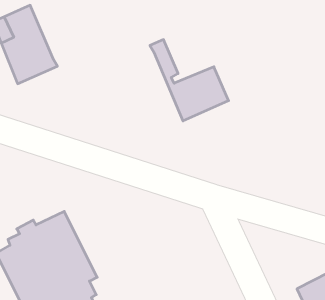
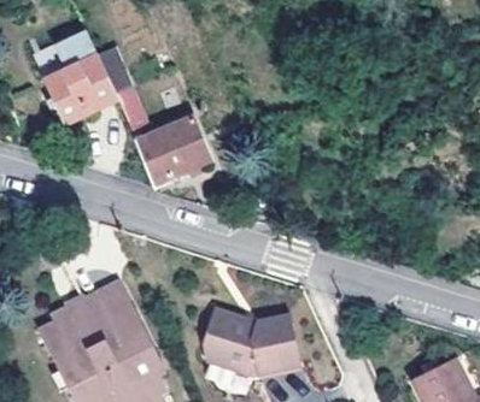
building: [150,40,229,121] -> [111,87,209,188]
building: none -> [204,314,310,382]

